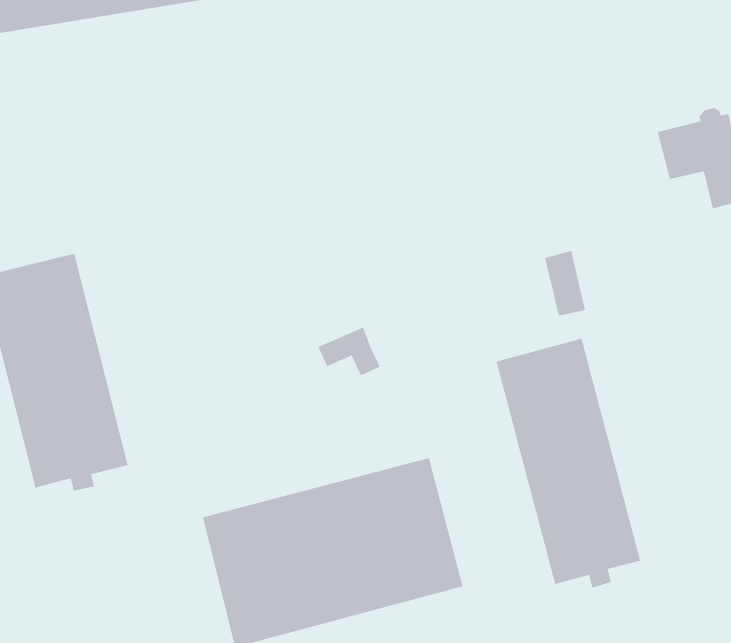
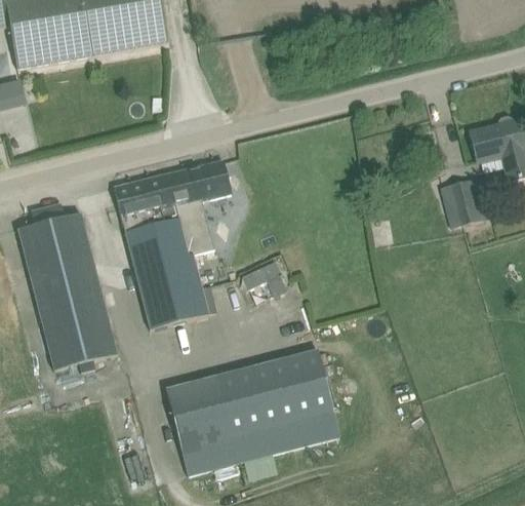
building: none -> [114,160,231,328]
building: [544,250,586,316] -> [450,181,478,225]
building: [496,338,641,589] -> none

